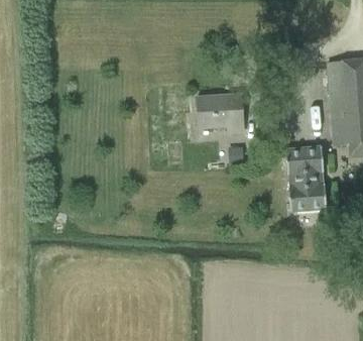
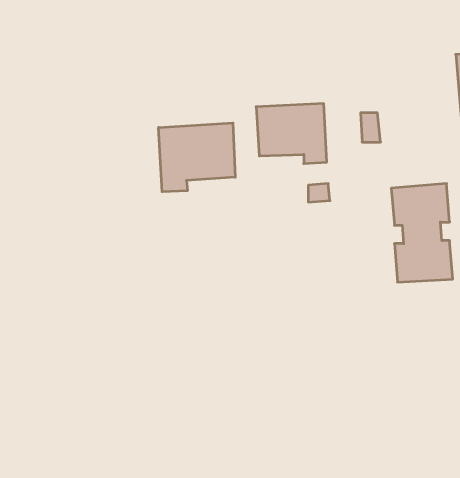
building: none -> [159,123,235,192]

